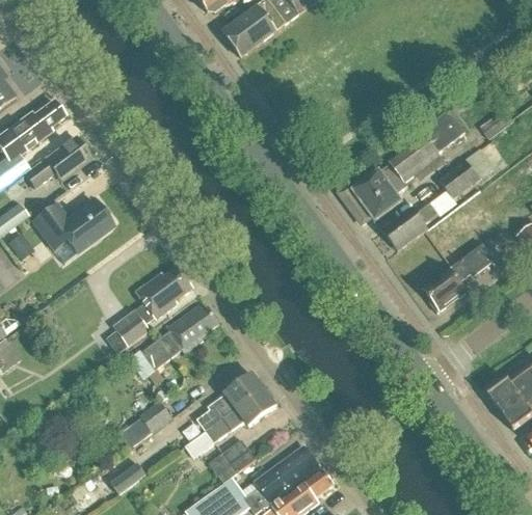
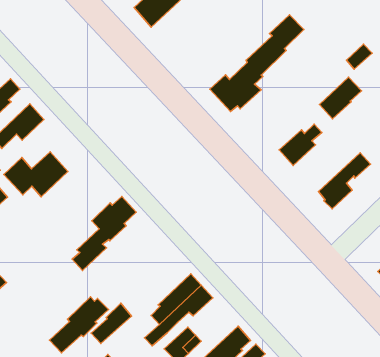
building: [338,110,464,223] -> [210,15,304,112]
building: [140,303,219,370] -> [49,297,109,353]

